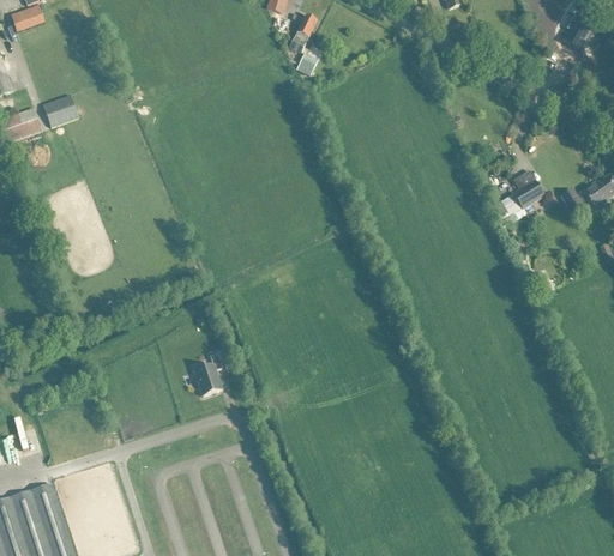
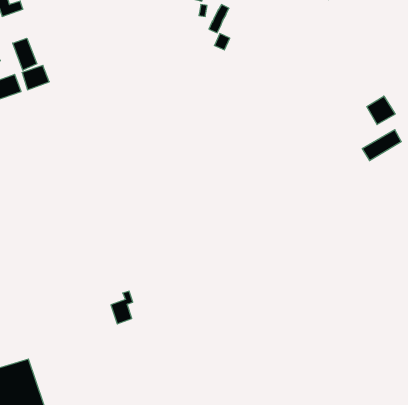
building: none -> [13,38,37,70]
building: none -> [367,96,395,125]
building: [194,352,223,395] -> [111,291,133,324]

